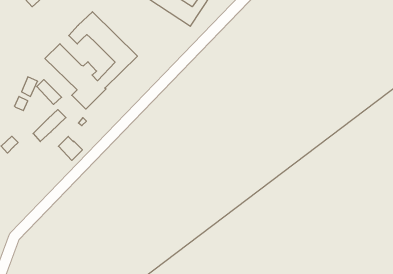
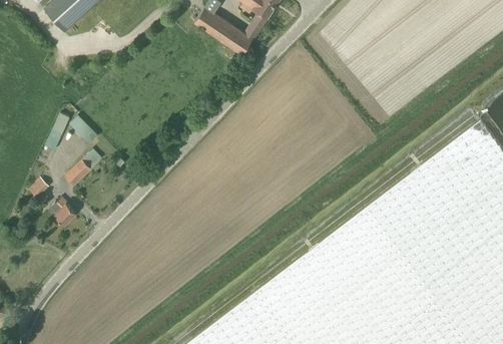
building: [45,12,137,109] -> none
building: [58,136,82,160] -> [49,200,76,227]

